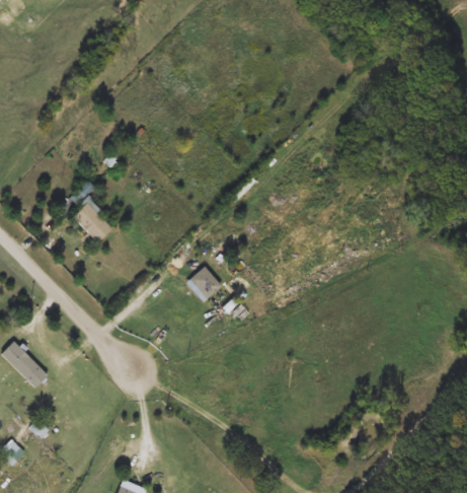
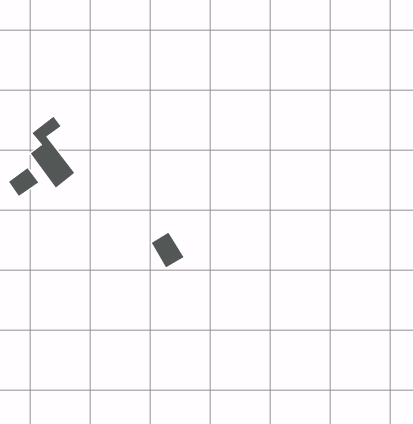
building: none -> [8,167,39,197]

